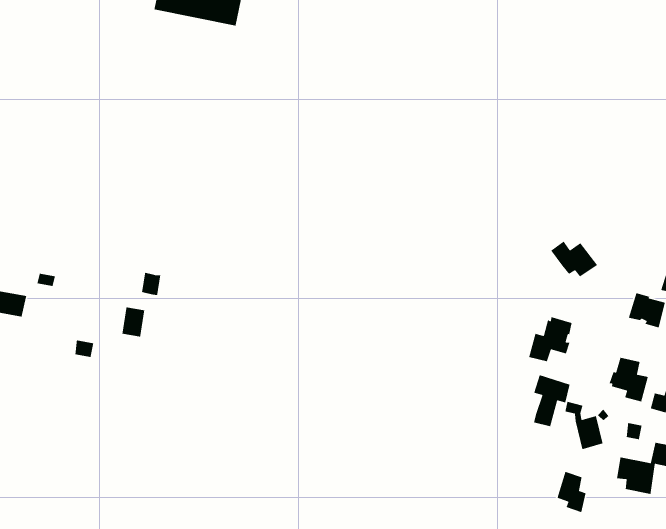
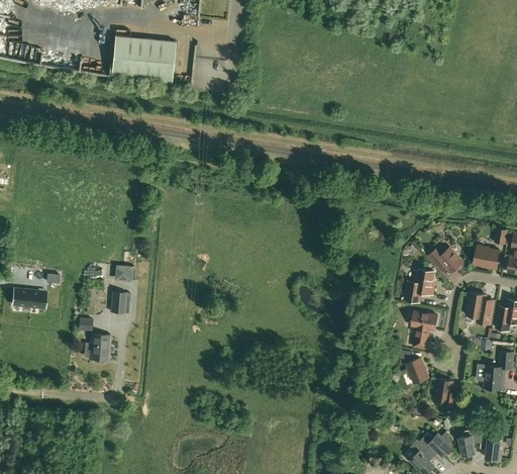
building: [550,241,598,277] -> [428,247,463,272]
building: none -> [89,334,110,363]
building: [564,401,604,450] -> [398,349,428,383]

